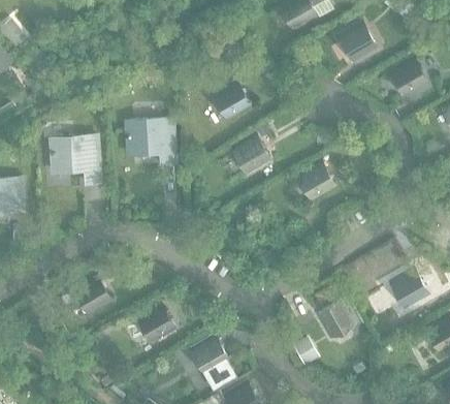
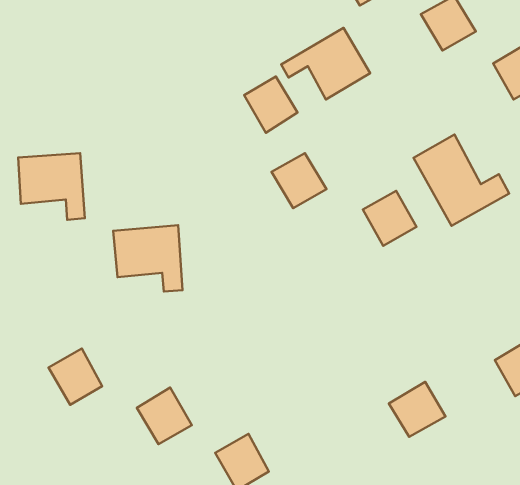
building: none -> [281,28,370,99]
building: [125,118,174,165] -> [113,225,183,292]
building: none -> [414,135,509,226]

